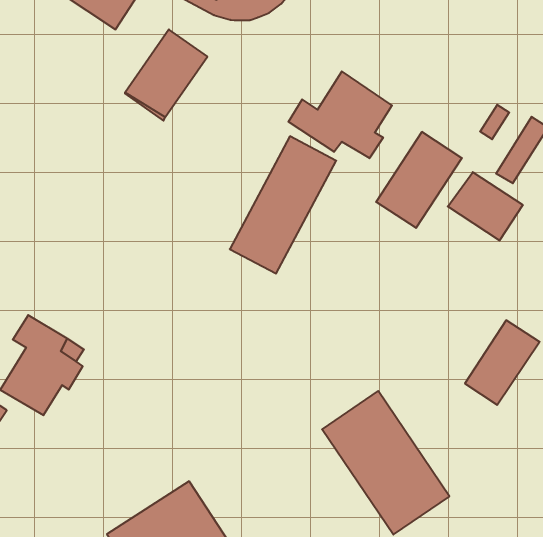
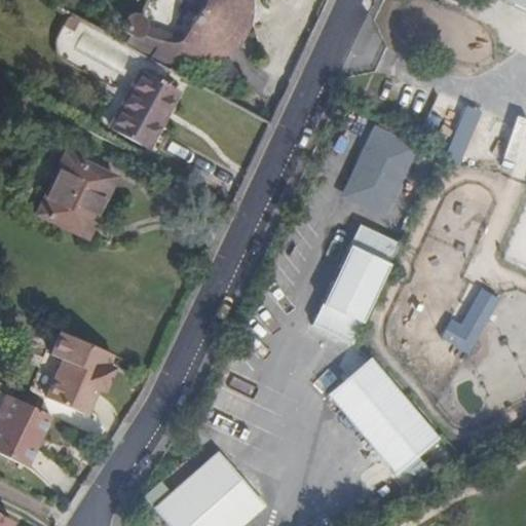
building: [288,71,392,158] -> none
building: none -> [43,156,122,238]
building: [230,136,336,274] -> [315,222,396,340]
building: [448,172,523,241] -> none

